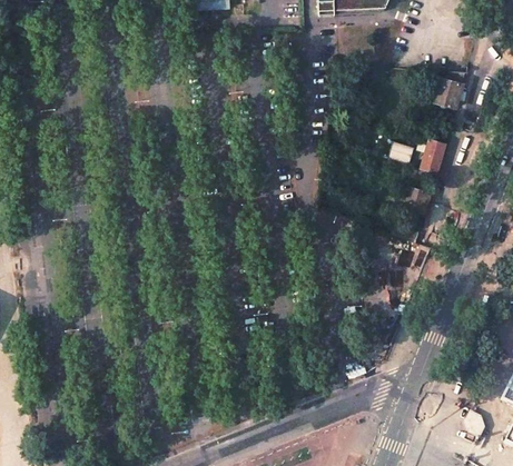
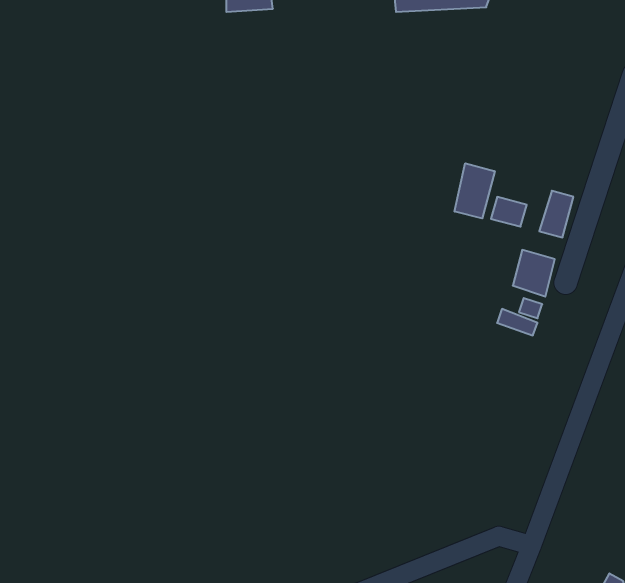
building: [432,78,463,109] -> none
building: none -> [455,163,495,218]

